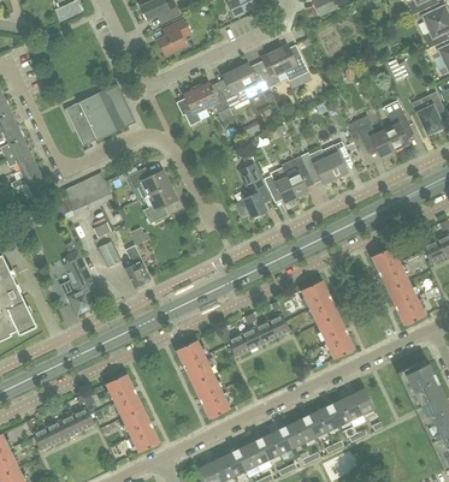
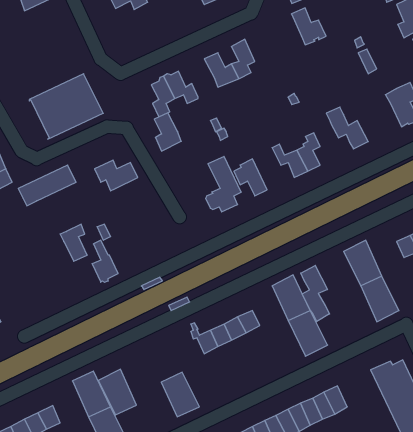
building: [158,19,191,54] -> none
building: [274,43,308,79] -> [291,8,326,45]
building: [221,69,248,106] -> [154,113,181,151]
building: [384,100,409,149] -> none
building: [282,155,309,197] -> none
building: [143,184,177,222] -> none
building: [61,260,98,314] -> none
building: none -> [301,265,330,322]
building: [176,339,213,383] -> [98,369,136,415]

